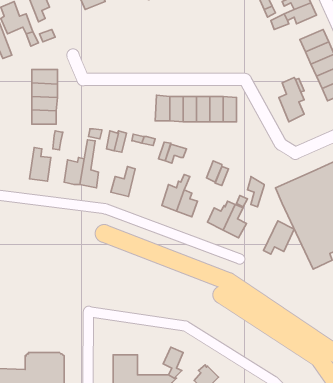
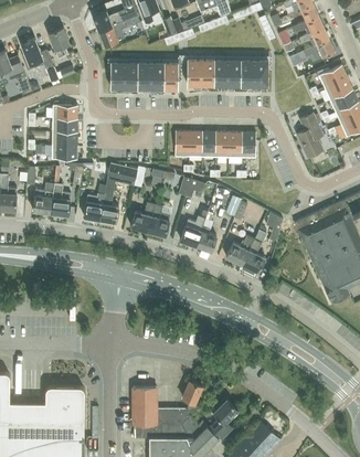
building: none -> [187,60,268,86]
building: none -> [110,62,178,89]
building: none -> [33,182,54,214]
building: none -> [148,204,170,236]
building: [264,221,294,254] -> none

